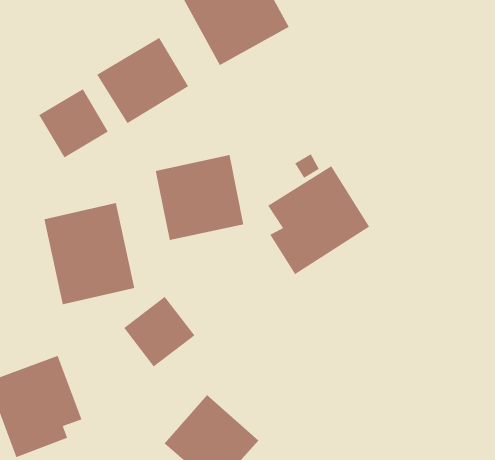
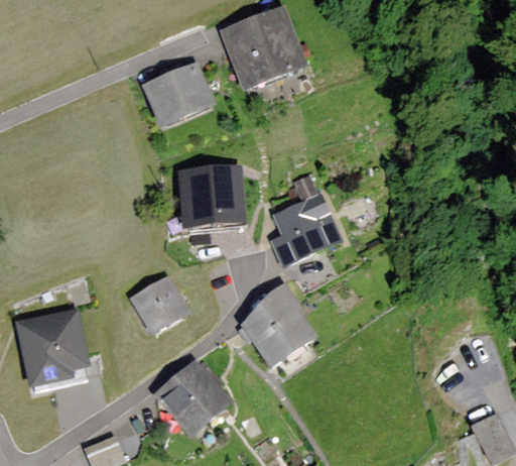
building: [38,88,109,159] -> none
building: [44,202,135,305] -> none
building: none -> [241,281,317,367]

